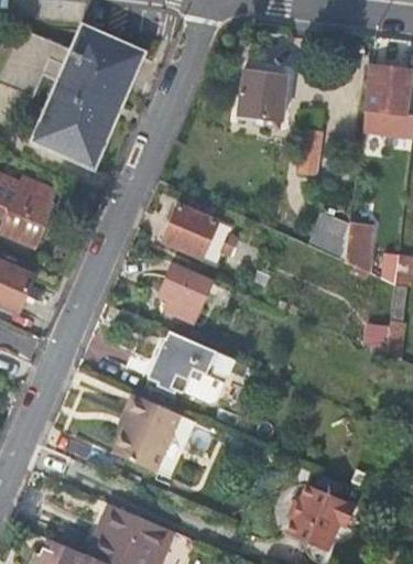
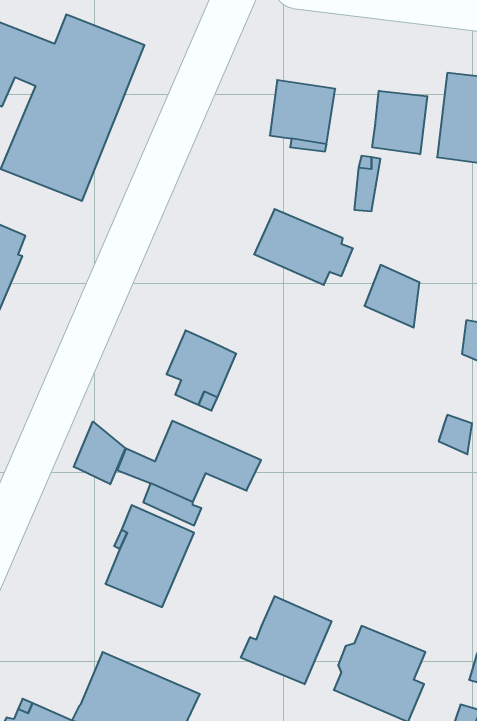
building: none -> [372,91,427,154]
building: [164,208,239,265] -> [254,209,353,285]
building: [347,226,374,273] -> none
building: none -> [74,422,125,484]
building: none -> [241,596,331,684]

